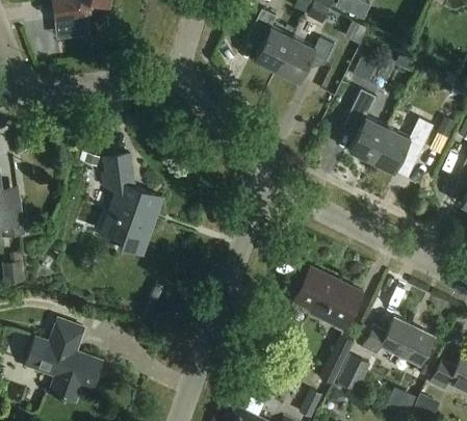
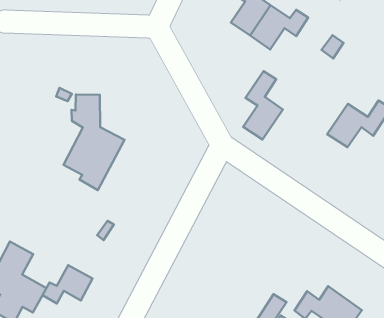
building: [346,90,387,161] -> [243,71,283,140]
building: [291,268,362,331] -> none
building: none -> [43,265,93,304]

